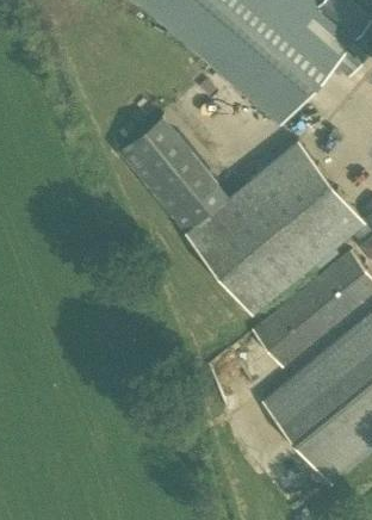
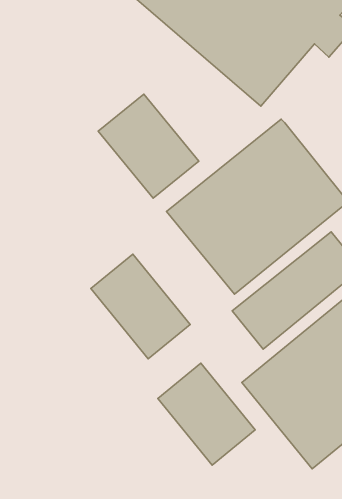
building: none -> [91,254,190,359]
building: none -> [158,363,255,465]

